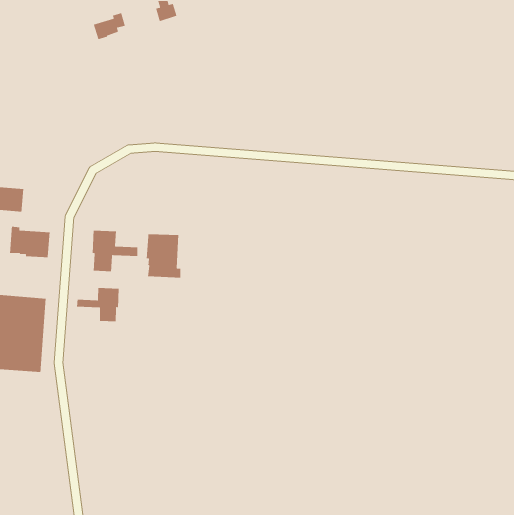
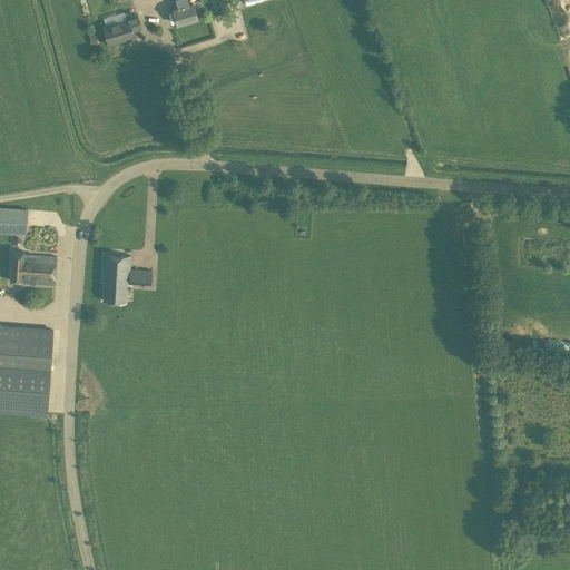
building: [146,232,181,278] -> none
building: [76,287,120,322] -> none

